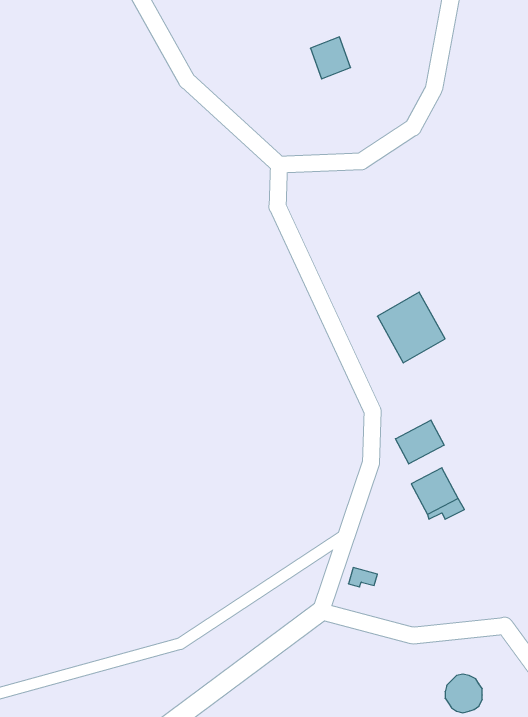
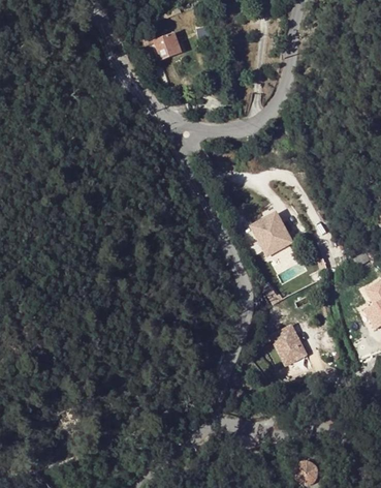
building: [310,37,351,79] -> [153,32,179,59]
building: [395,420,444,464] -> none

